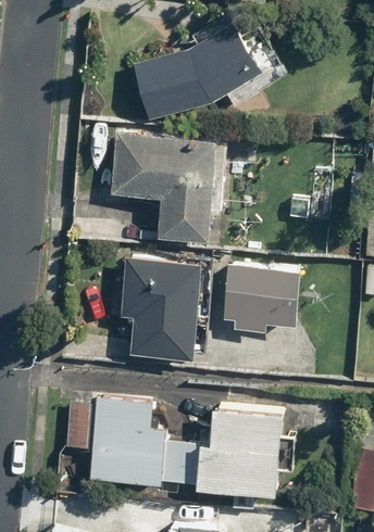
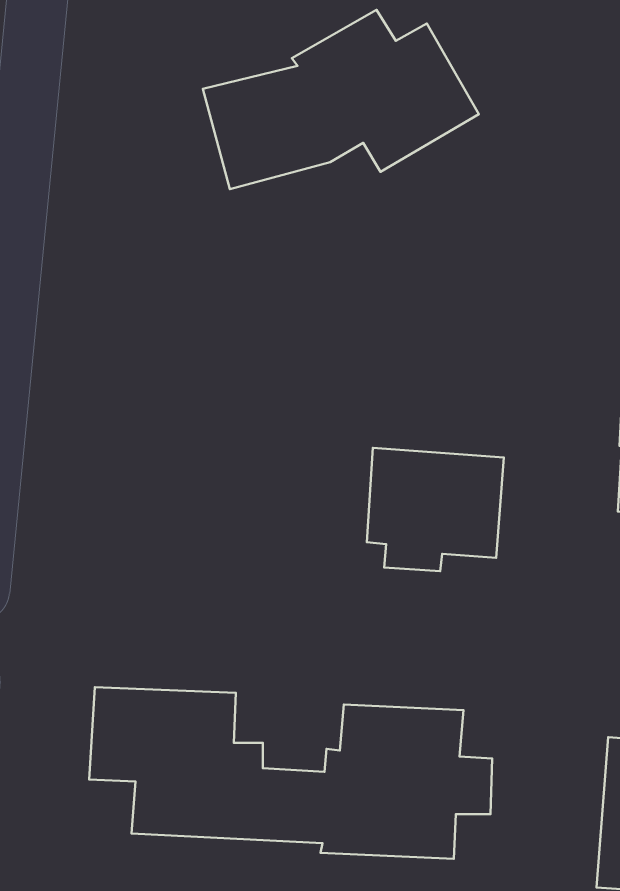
building: [89,132,227,240] -> none
building: [110,255,201,359] -> none

